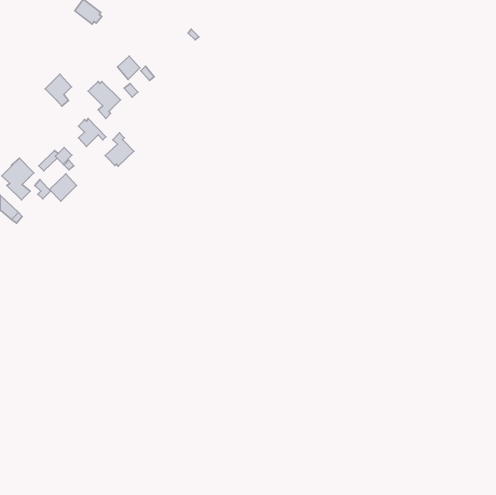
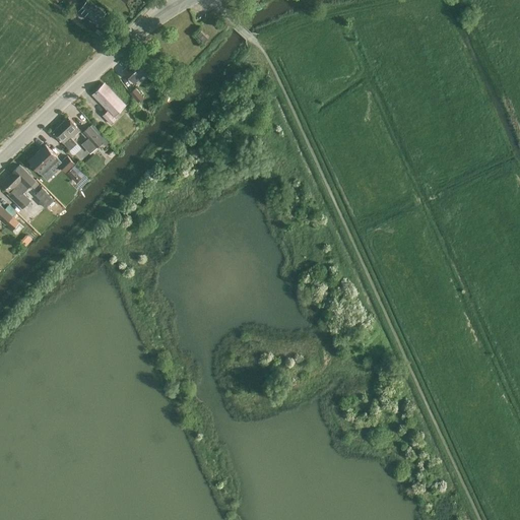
building: [45,74,72,106] -> [53,118,80,151]
building: [105,133,134,166] -> none
building: [49,174,77,201] -> [28,146,57,175]

